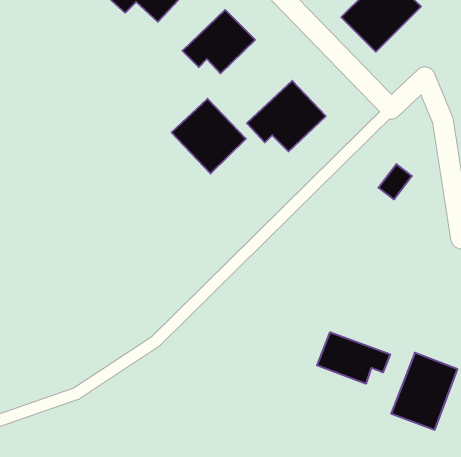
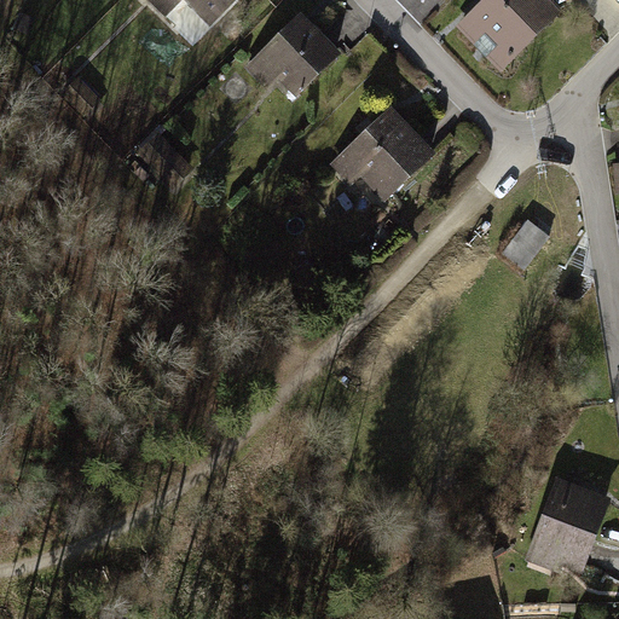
building: [172,99,246,174] -> none
building: [317,332,390,384] -> none

